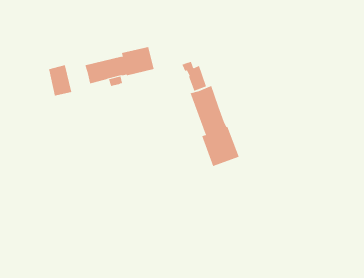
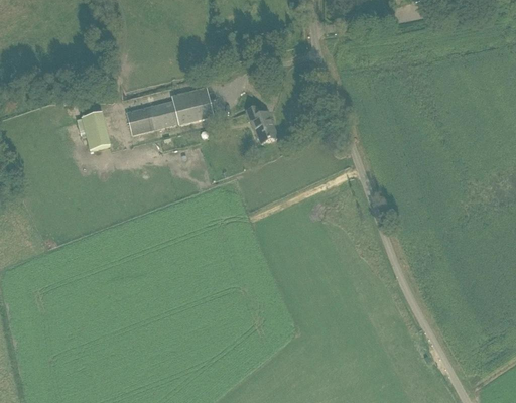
building: [190,85,239,167] -> none

